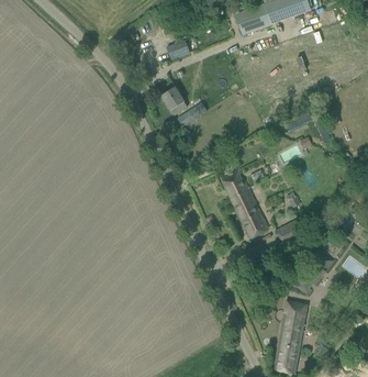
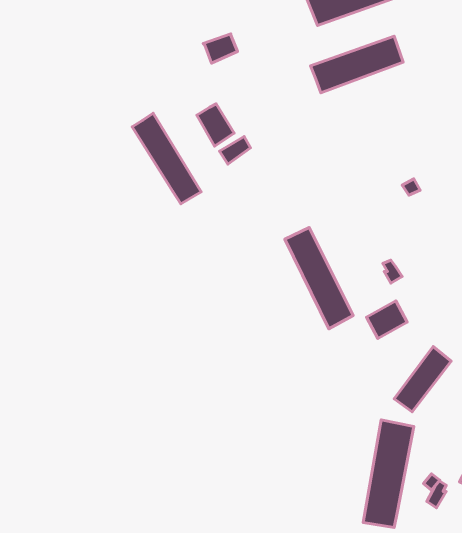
building: none -> [311,36,403,93]
building: none -> [132,113,201,204]

